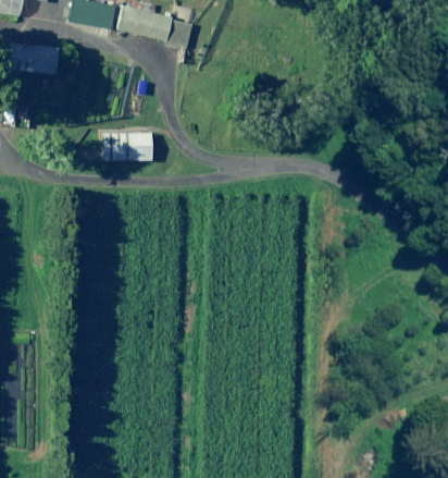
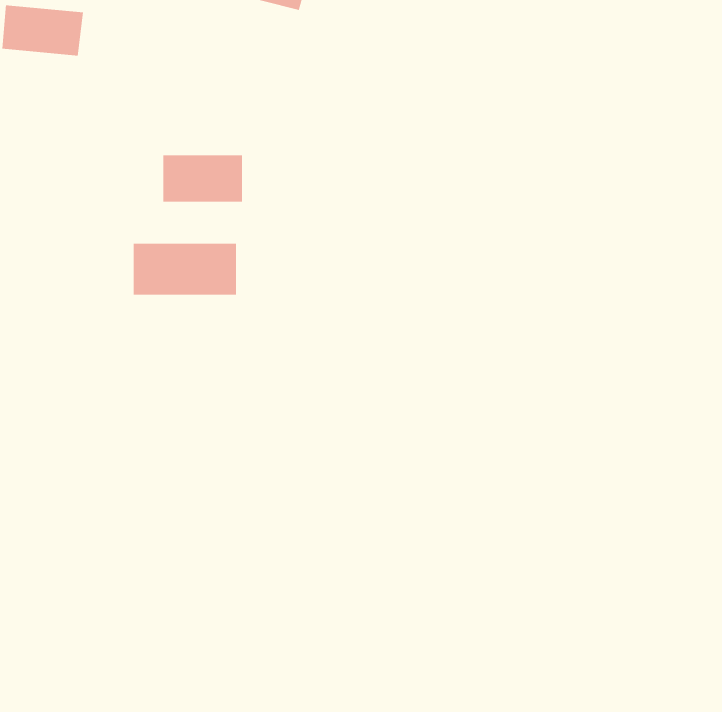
building: none -> [133,243,237,295]

